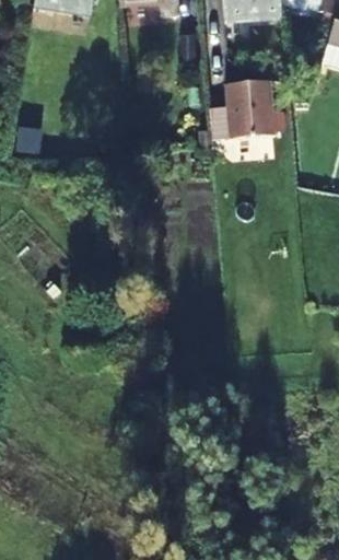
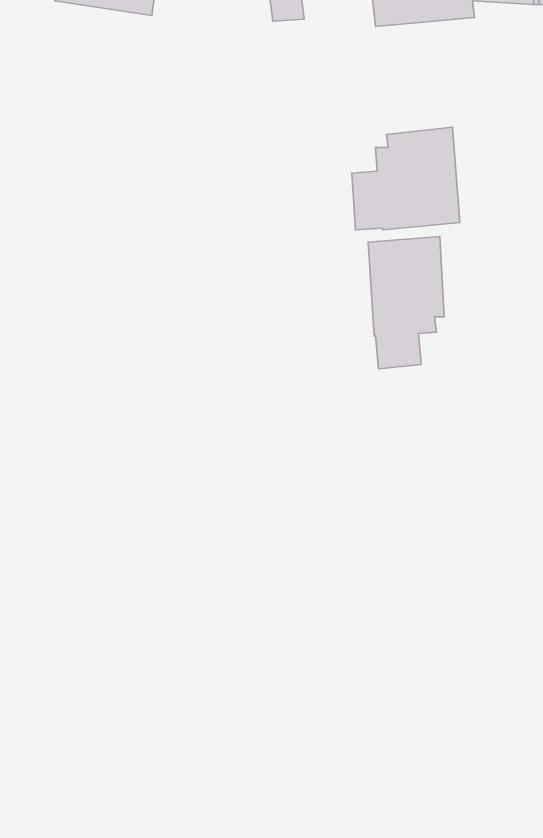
building: none -> [368,237,444,369]

